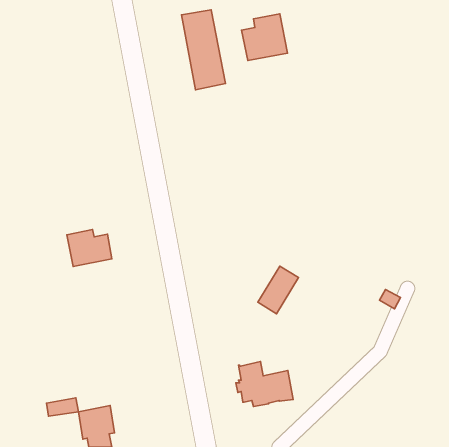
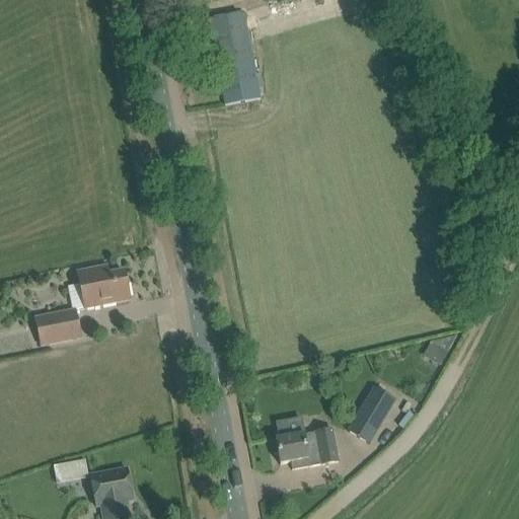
building: [241,14,288,60] -> none
building: [258,266,298,314] -> [349,387,395,442]
building: none -> [35,308,81,345]

